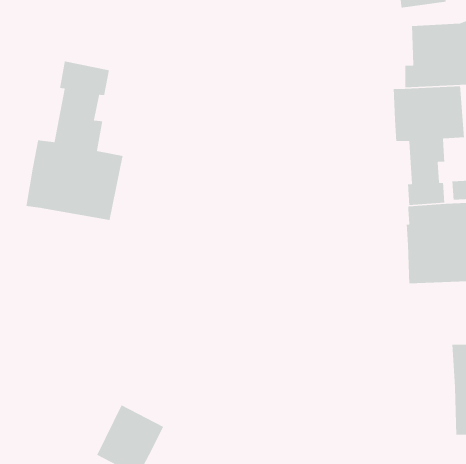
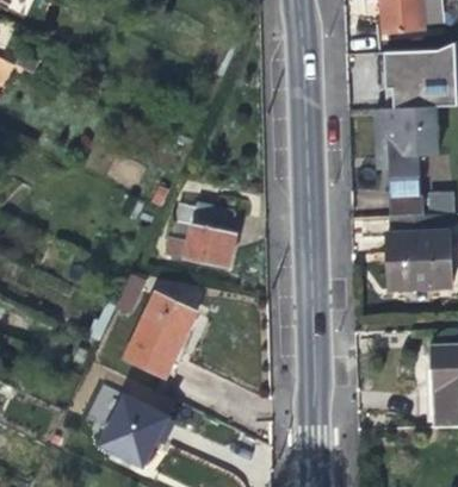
building: [26,61,124,221] -> none
building: none -> [166,204,236,267]
building: none -> [128,294,194,376]

